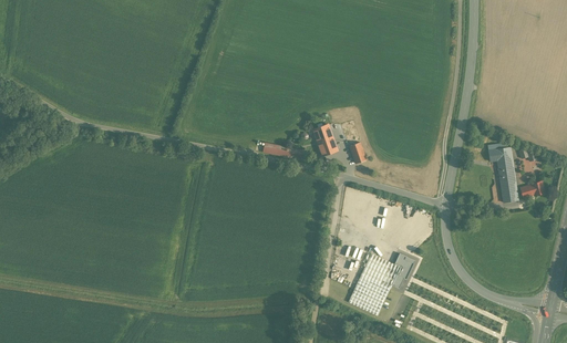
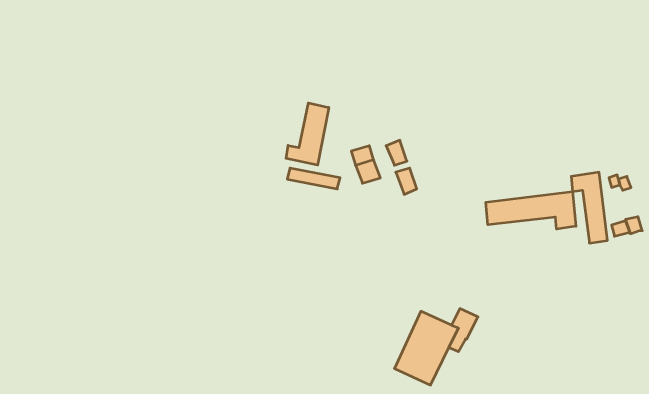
building: none -> [286,103,329,165]
building: none -> [486,192,576,229]

